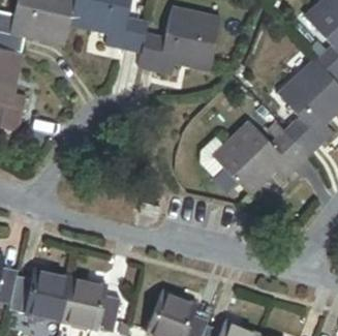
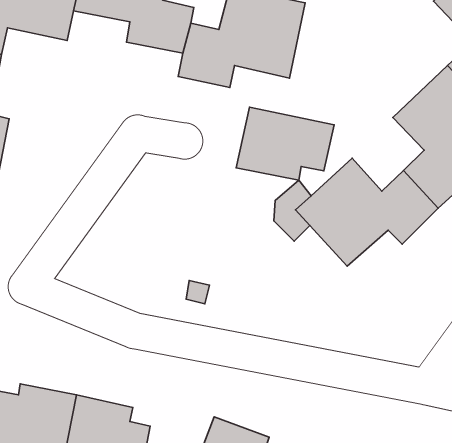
building: none -> [236,107,334,180]

